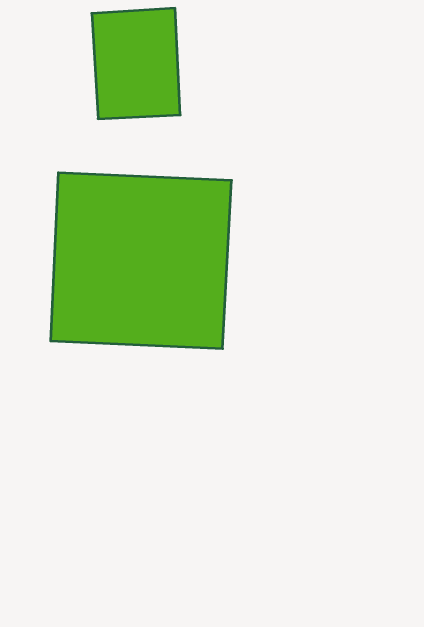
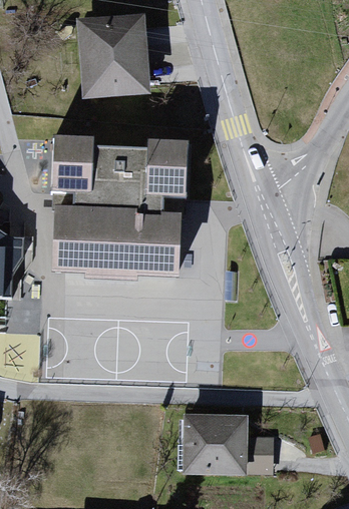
building: none -> [176,412,270,474]

